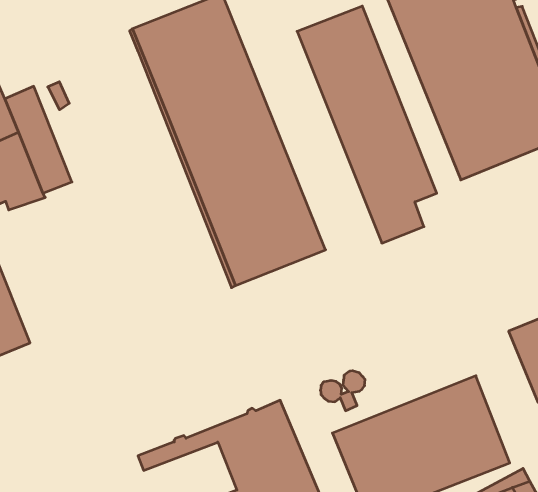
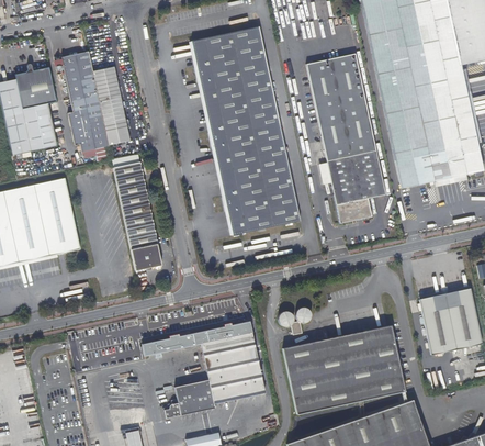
building: none -> [113,161,163,271]

